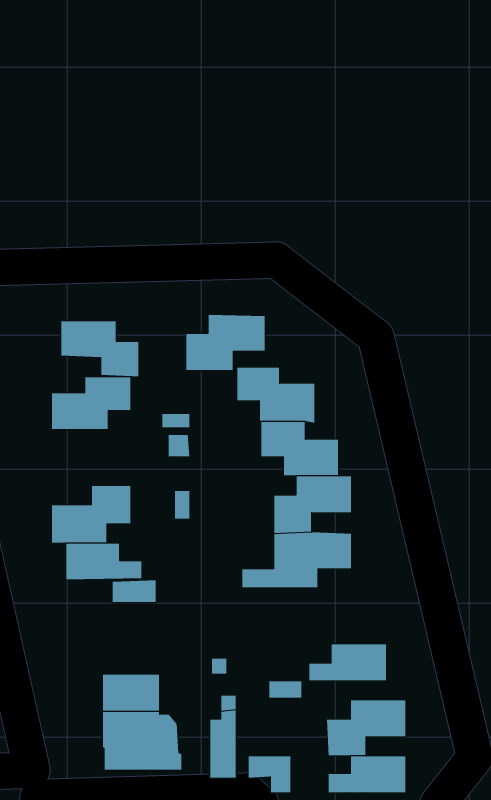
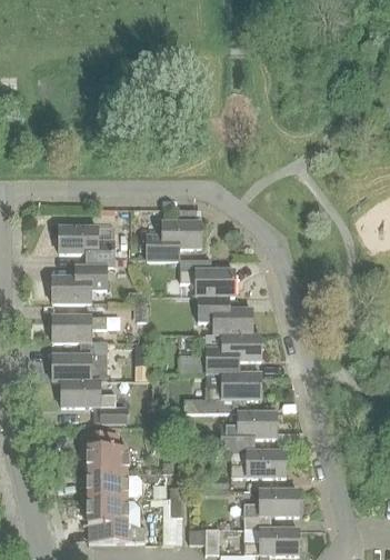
building: none -> [51,314,107,340]
building: none -> [221,411,276,450]
building: none -> [81,431,127,471]

